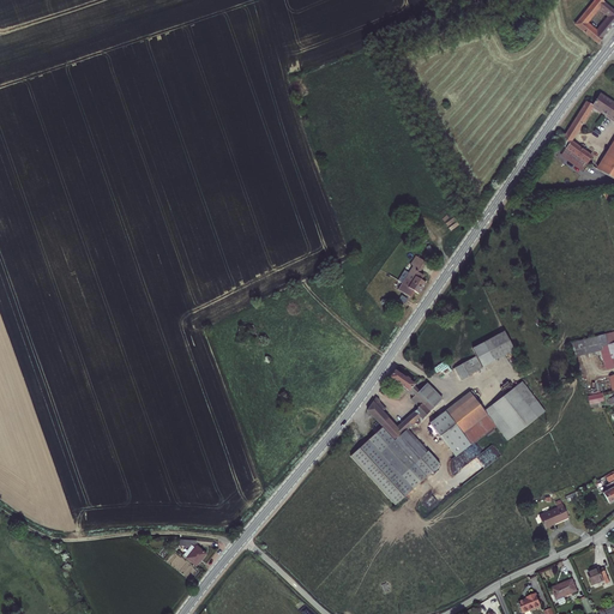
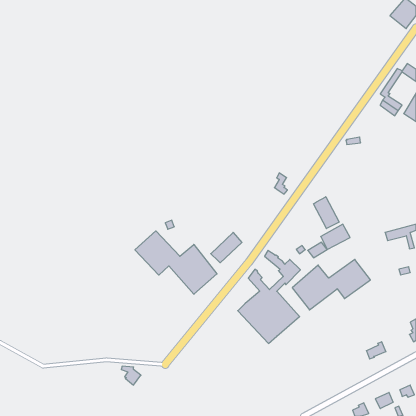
building: none -> [314,197,339,229]
building: none -> [135,231,217,294]
building: none -> [211,232,242,263]

